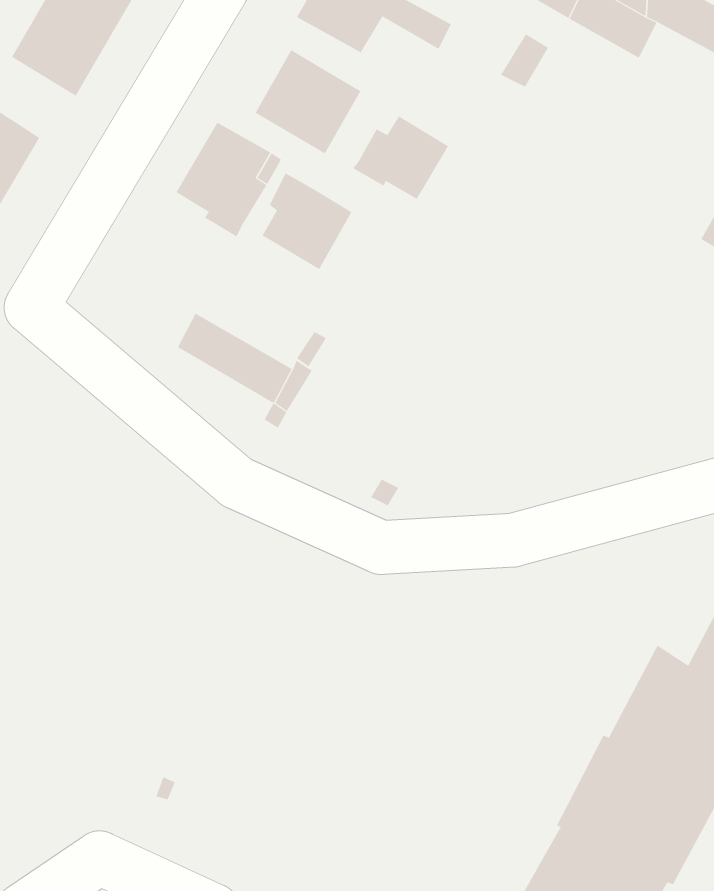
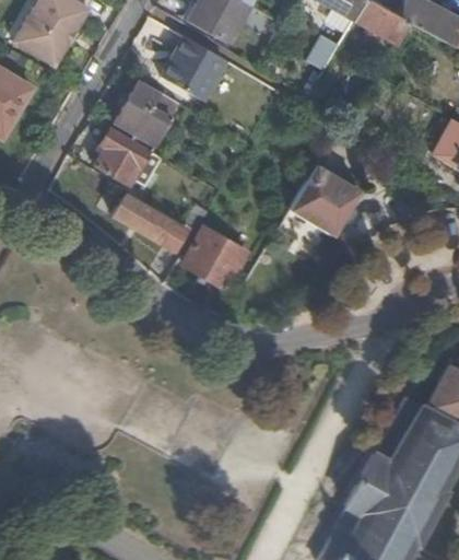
building: [353,115,449,200] -> none
building: [262,172,352,270] -> [96,127,151,186]
building: none -> [289,159,361,231]
building: none -> [184,228,246,288]

